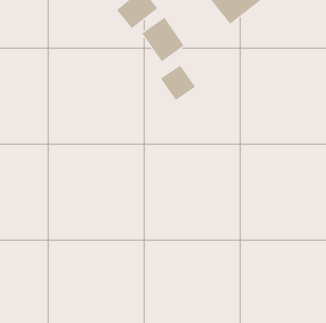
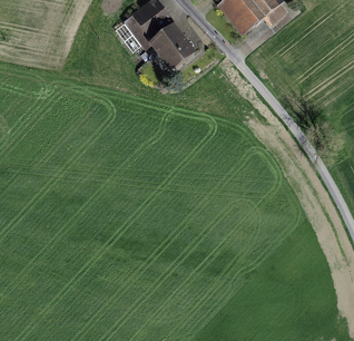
building: [160,65,196,101] -> none

